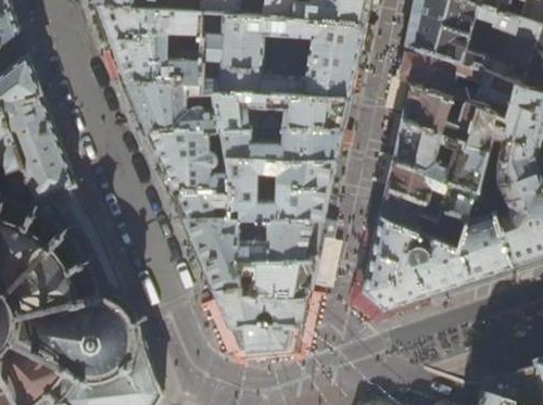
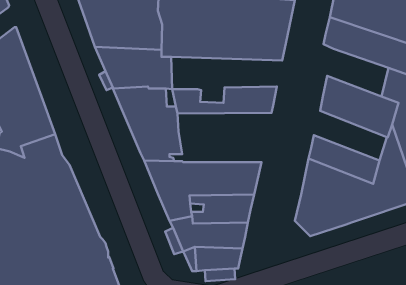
building: [401,81,475,139] -> none
building: [213,91,346,130] -> none
building: [384,156,472,216] -> none
building: [220,159,333,218] -> none

